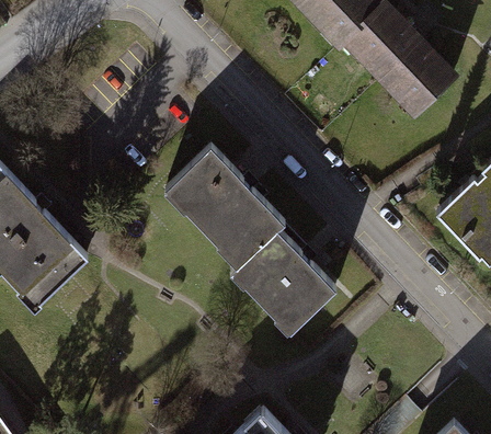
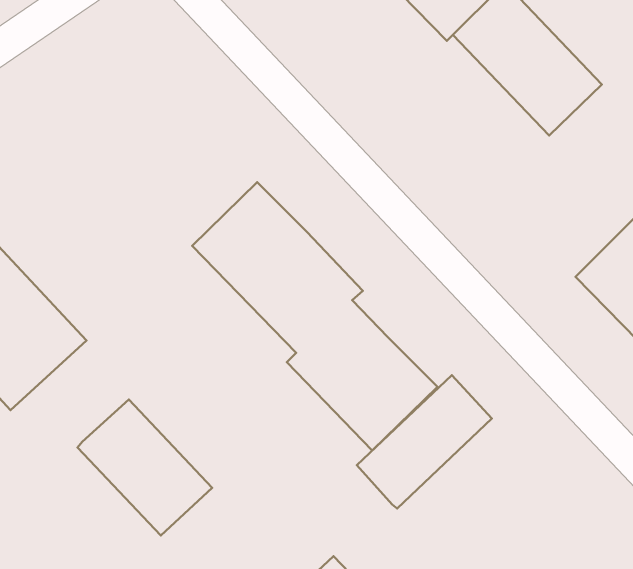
building: none -> [357,375,492,508]
building: none -> [77,400,212,536]

